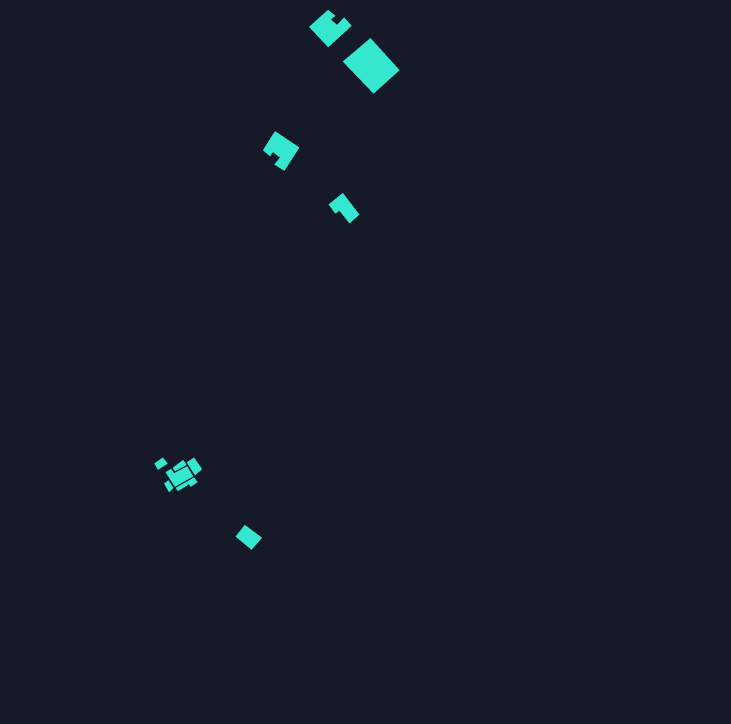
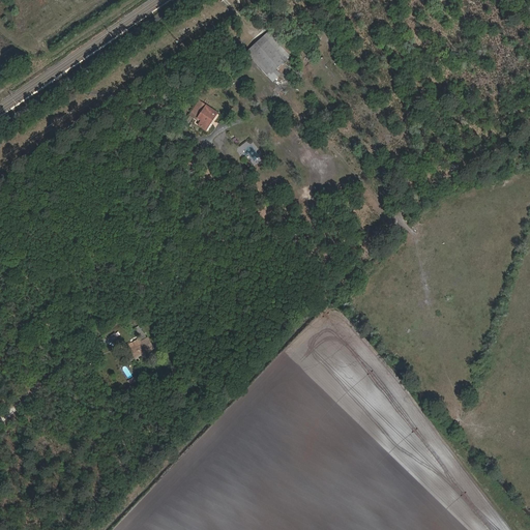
building: [308,9,352,48] -> none

